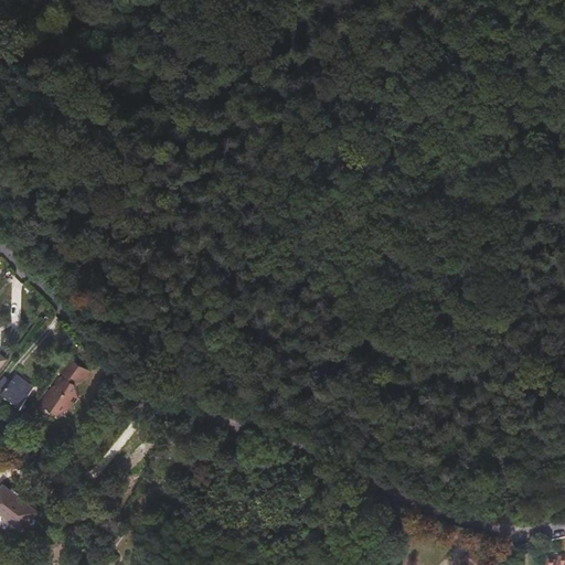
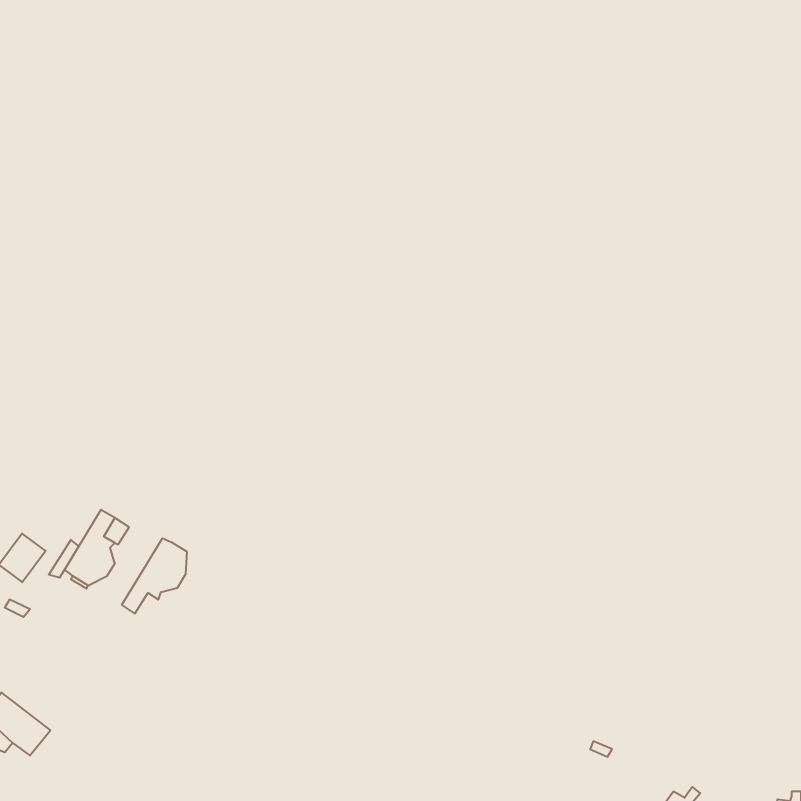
building: none -> [122,538,187,614]

